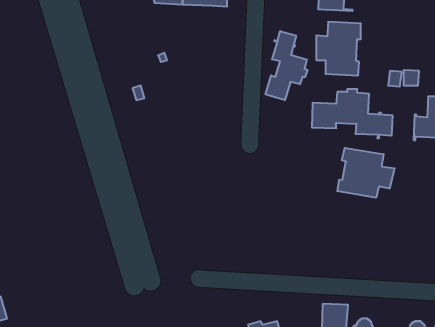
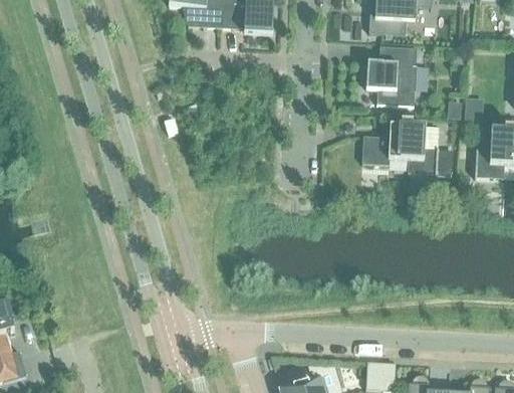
building: [265,31,307,100] -> none
building: [337,148,395,198] -> none

